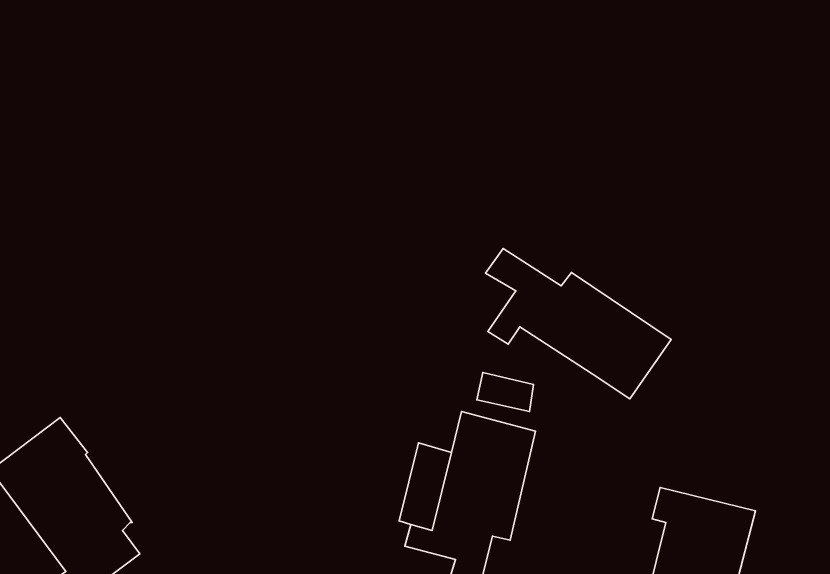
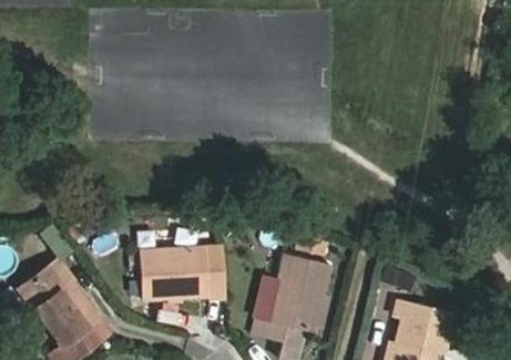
building: [486,248,671,399] -> none
building: none -> [140,247,225,299]

